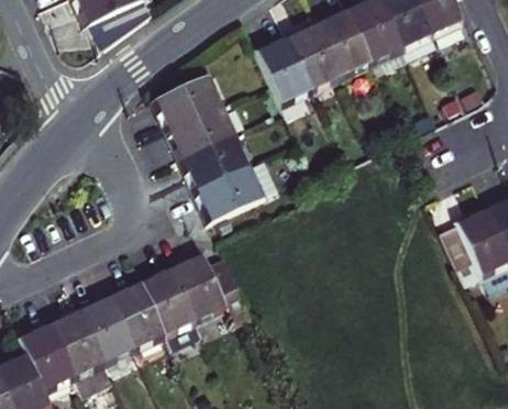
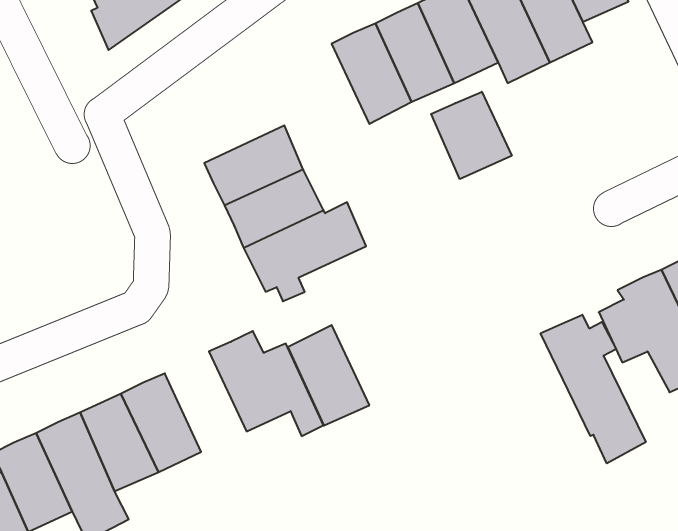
building: [152,77,222,133] -> none
building: none -> [431,92,512,179]
building: none -> [541,315,646,463]
building: [139,265,196,335] -> [288,325,369,426]

